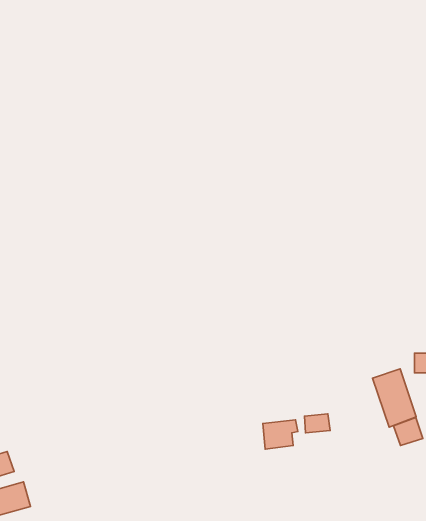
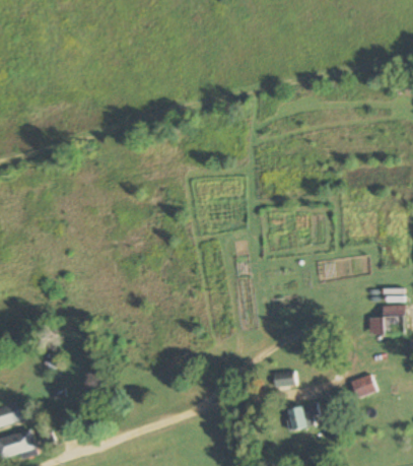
building: [373,369,416,427] -> none
building: [263,420,298,449] -> [287,404,318,429]

